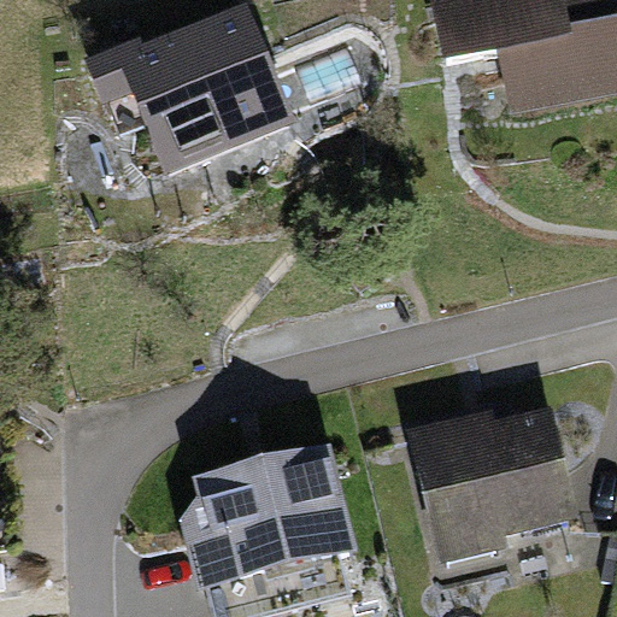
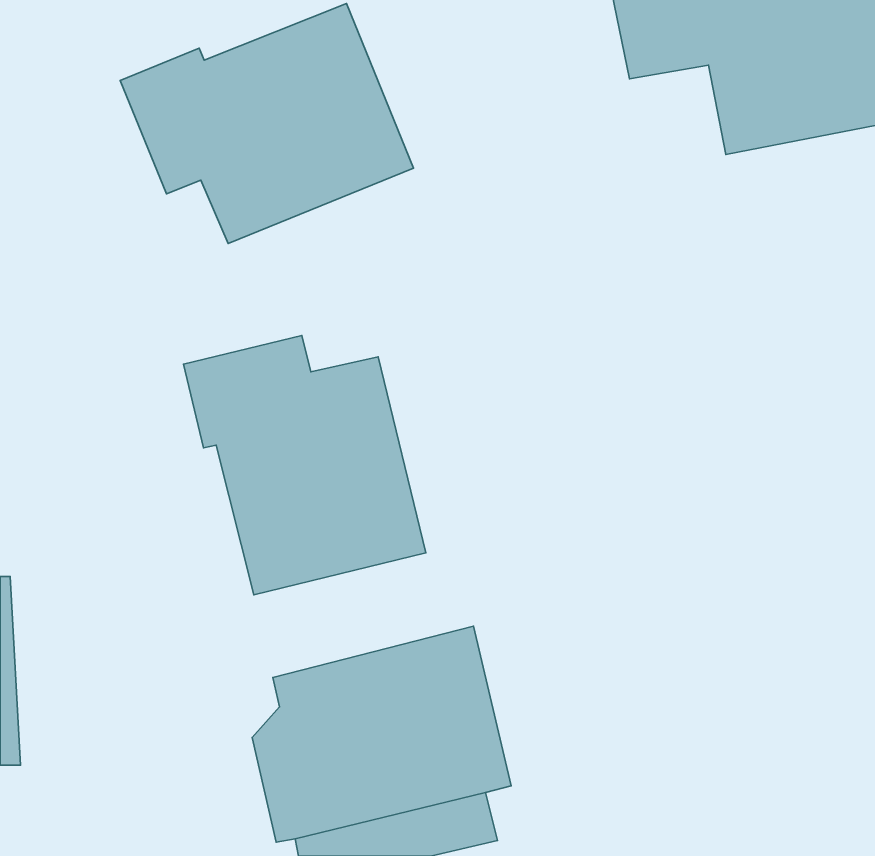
building: none -> [183,336,426,595]
building: [405,405,578,564] -> none

